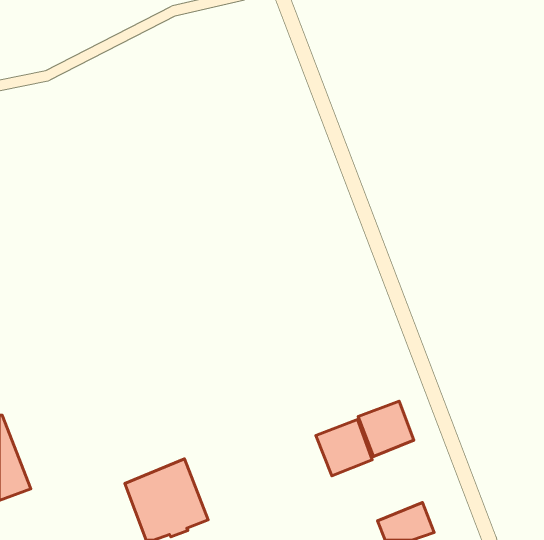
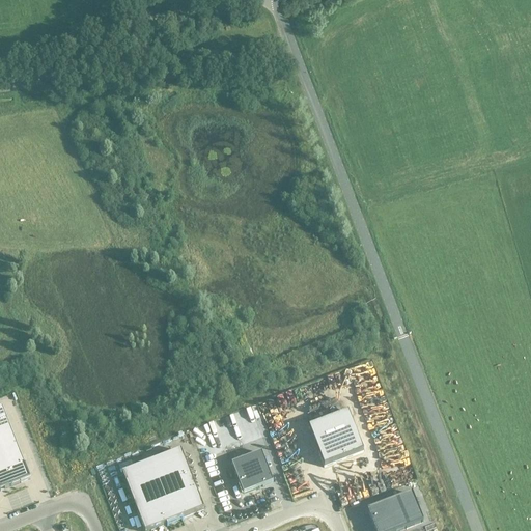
building: [358,401,414,456] -> none
building: none -> [230,448,273,488]

